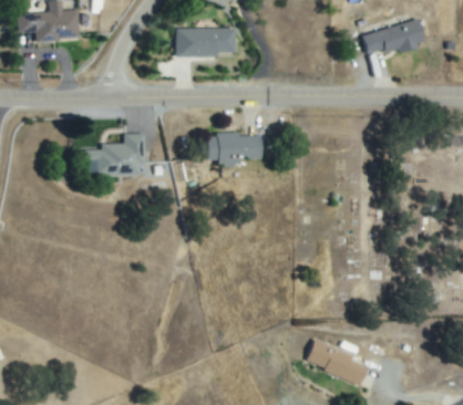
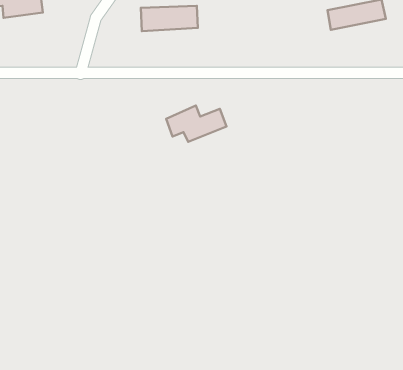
building: [88,136,143,172] -> none
building: [308,341,367,384] -> none

